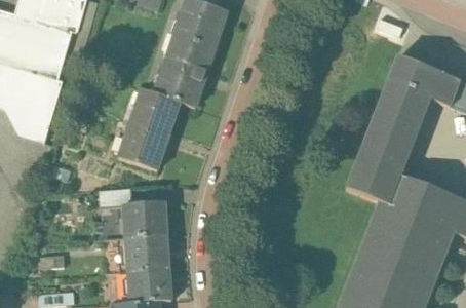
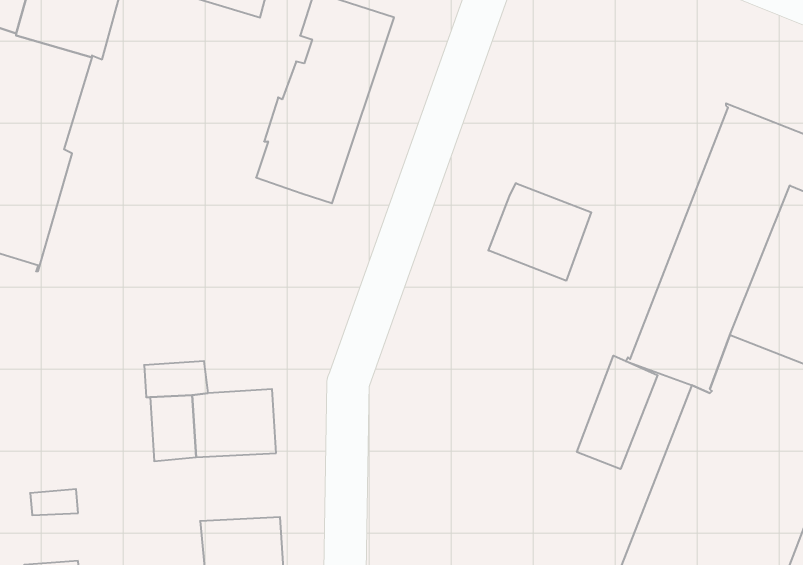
building: [118,88,180,169] -> none
building: none -> [488,183,591,281]
building: none -> [577,356,658,469]
building: [125,235,169,270] -> none

